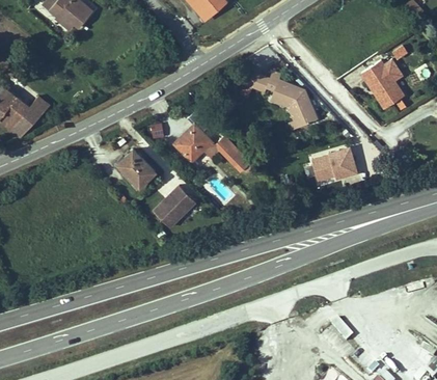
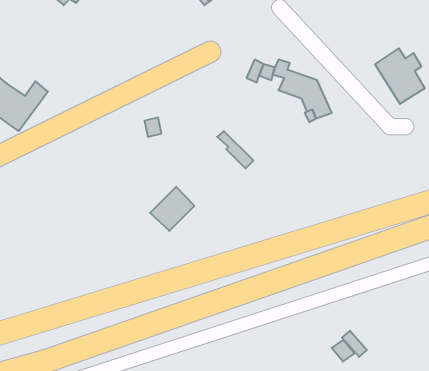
building: [173,125,210,161] -> none
building: [310,148,356,185] -> none
building: [119,153,153,186] -> none

